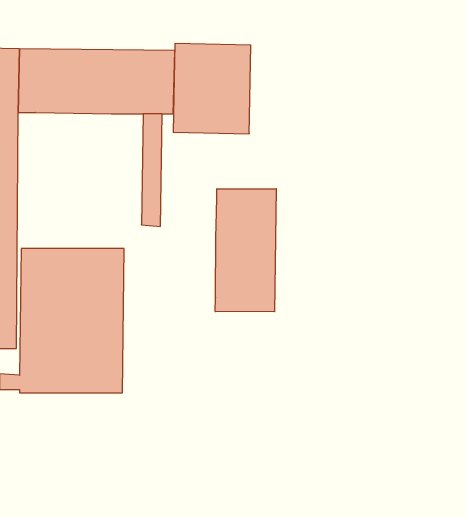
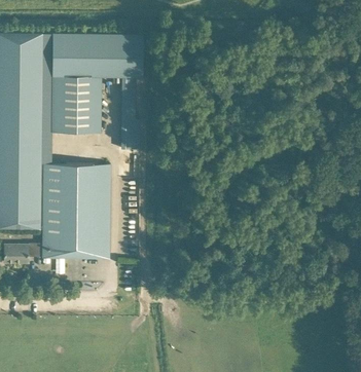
building: [173,43,251,134] -> [51,75,102,134]
building: [215,189,276,312] -> none

